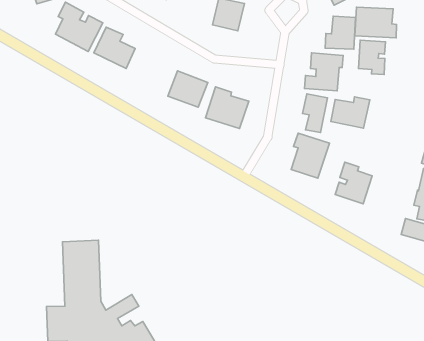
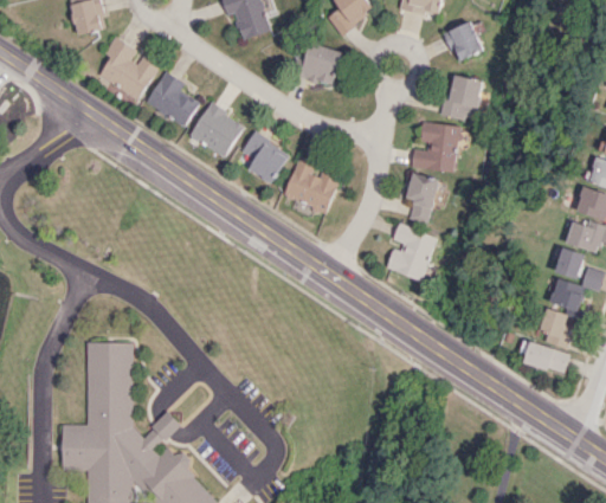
building: [355,7,397,38] -> none
building: [359,40,385,75] -> none
building: none -> [188,103,244,157]
building: [331,97,370,128] -> none
building: [335,162,372,204] -> none

